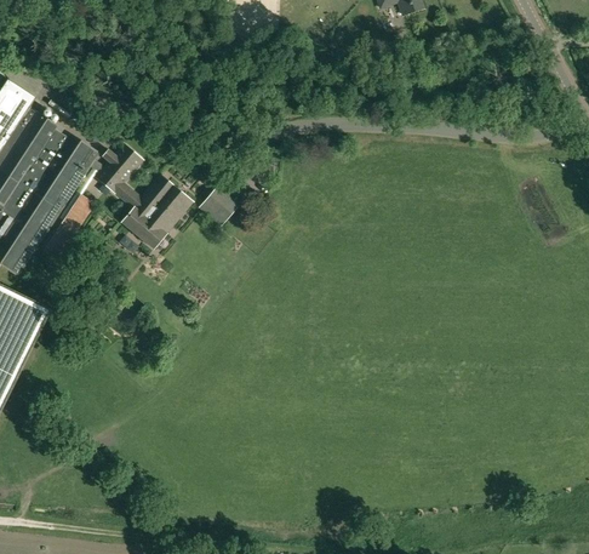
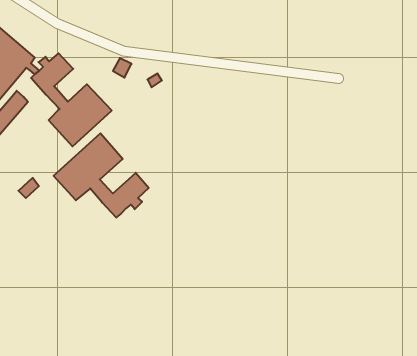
building: [199,184,240,225] -> none
building: none -> [54,133,149,218]

